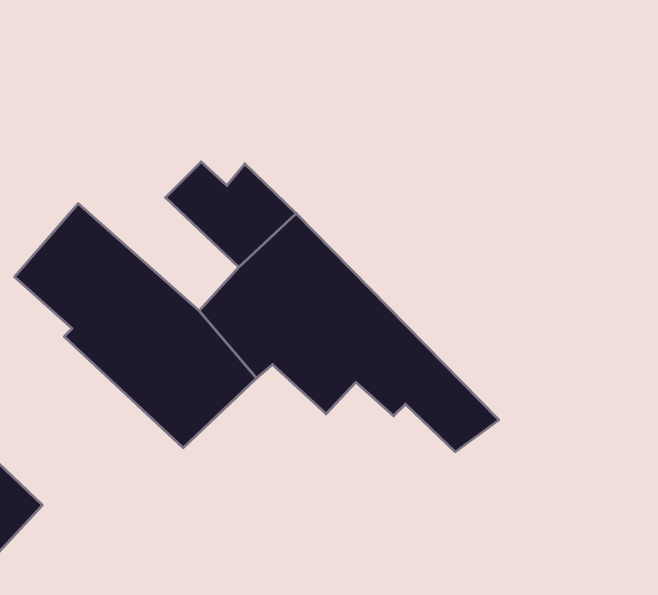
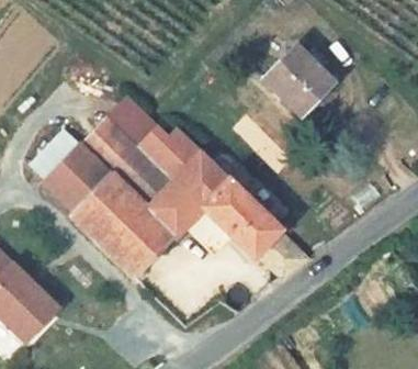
building: none -> [267,46,337,116]
building: none -> [77,115,166,200]

